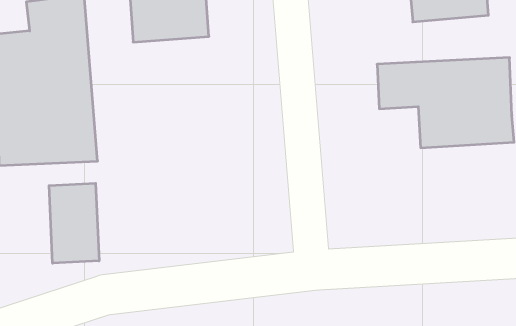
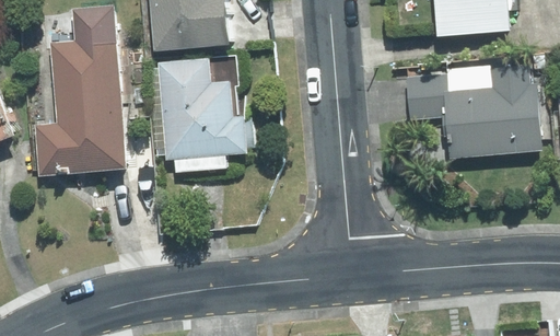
building: none -> [147,55,253,173]
building: [49,183,99,263] -> none

